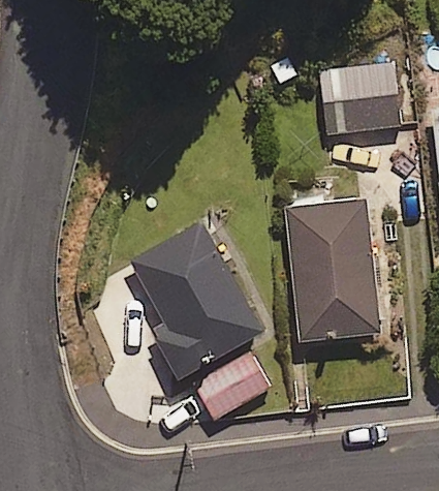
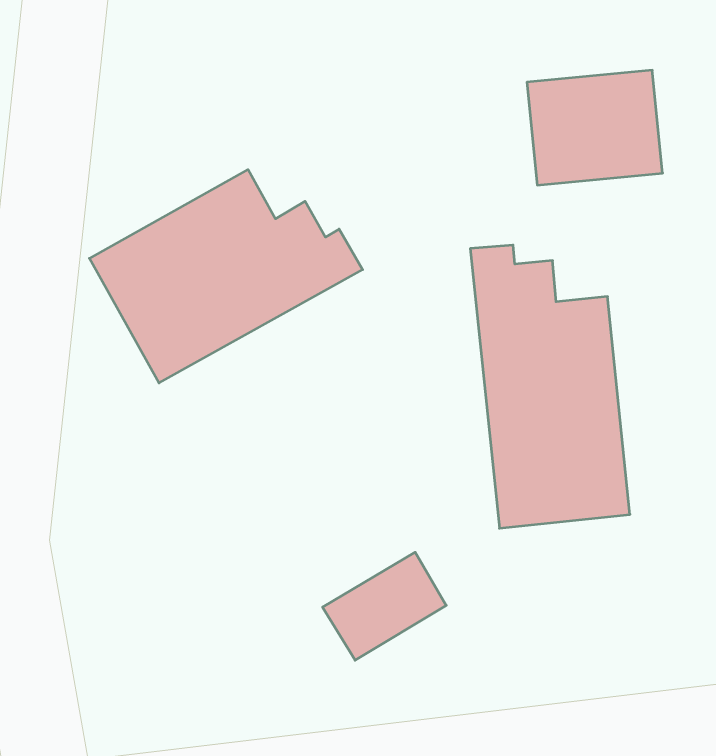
building: none -> [89,170,363,383]
building: [131,226,259,379] -> none

